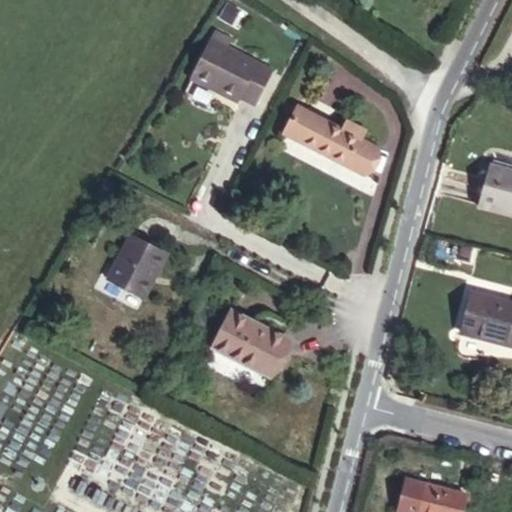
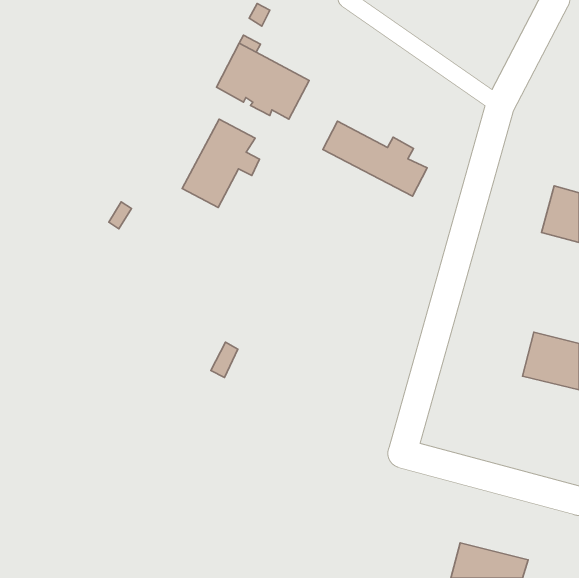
building: none -> [182,119,260,208]
building: [108,235,166,297] -> none
building: [213,310,288,376] -> none

